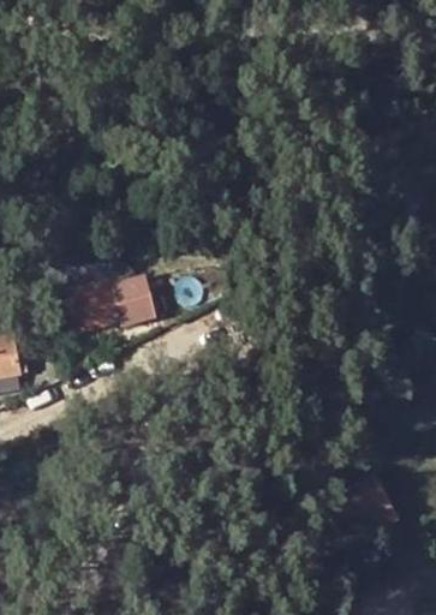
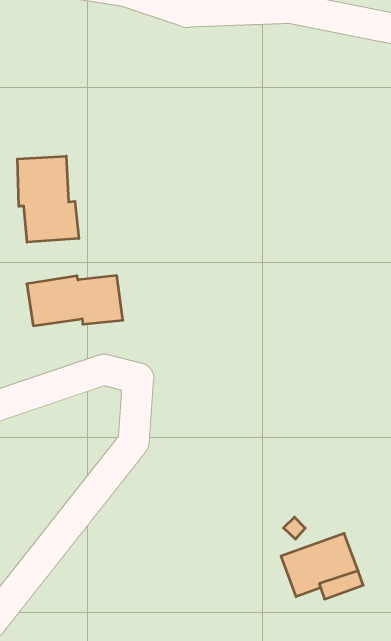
building: none -> [17,156,79,242]

